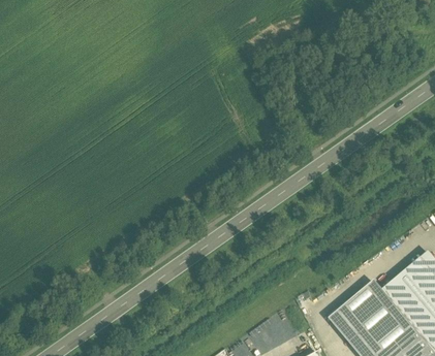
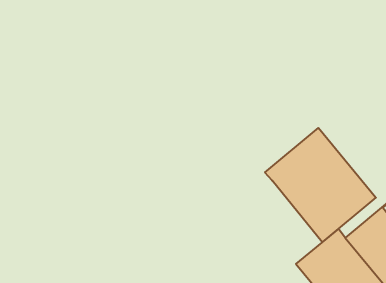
building: none -> [265,128,376,242]

